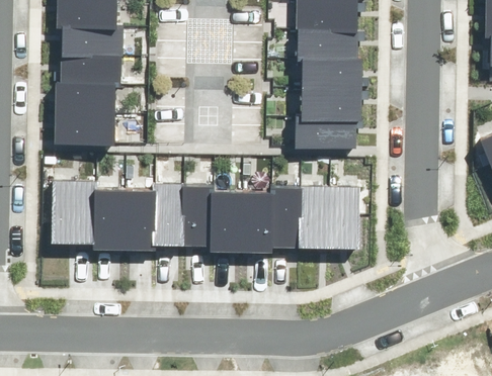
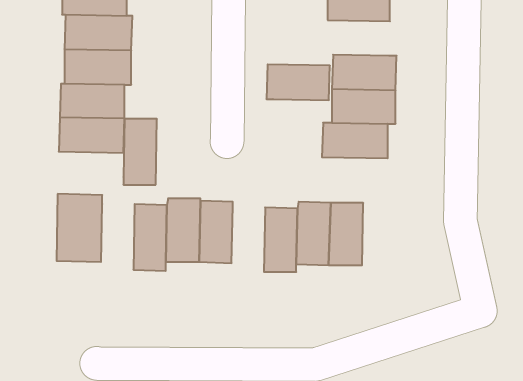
building: [298,23,355,56] -> [266,64,330,100]
building: [330,189,360,247] -> none
building: [93,190,124,250] -> [123,119,157,185]
building: [212,192,242,252] -> none

